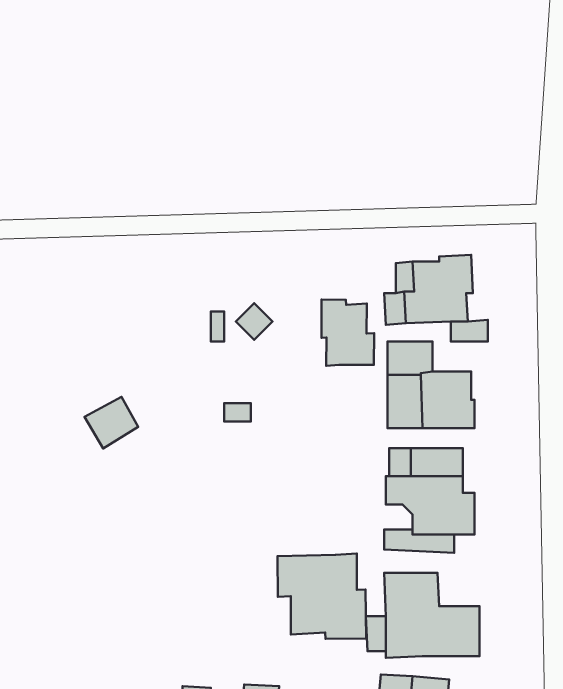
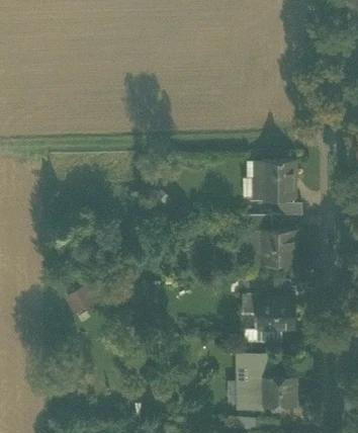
building: [321,300,374,366] -> none
building: [85,397,138,448] -> [65,284,97,316]
building: [277,554,366,639] -> none

